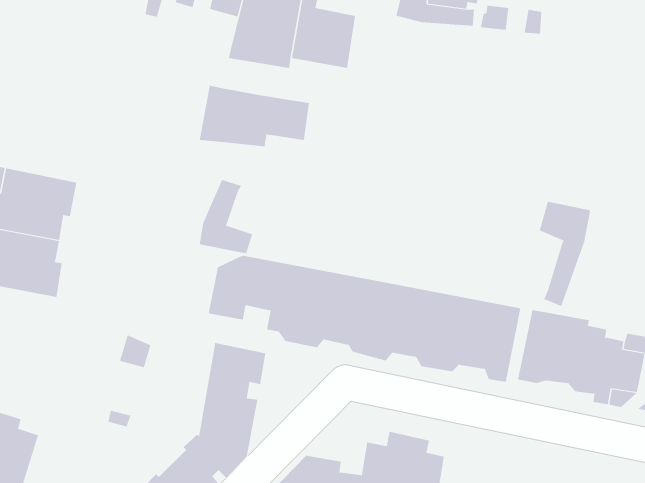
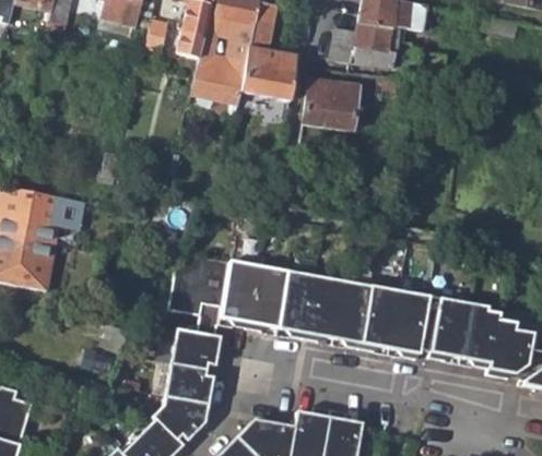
building: none -> [303,79,358,129]
building: [199,85,310,147] -> none
building: [199,179,253,254] -> none
building: [539,201,591,307] -> none

